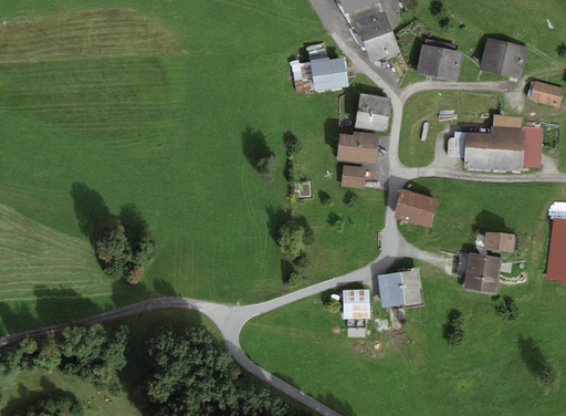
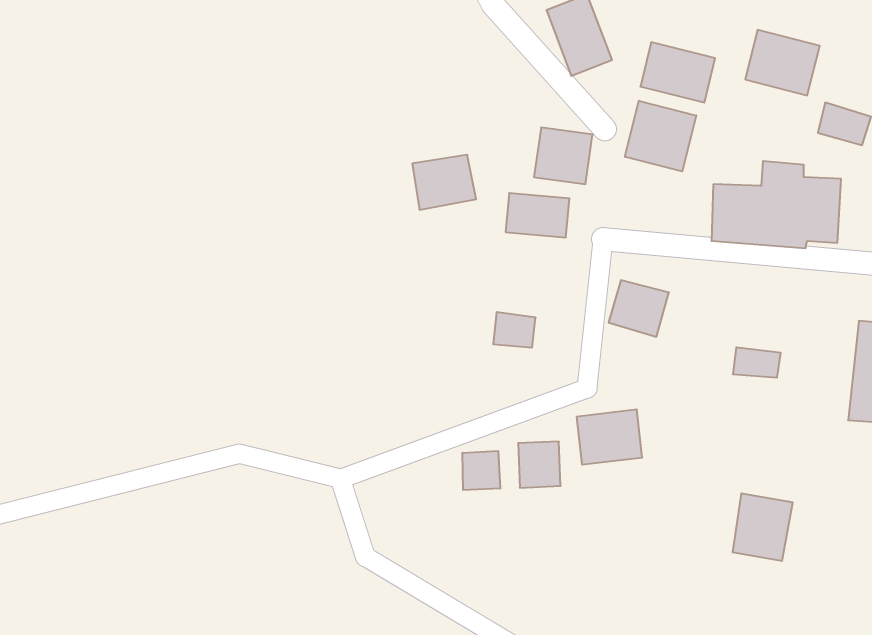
building: [306,59,346,93] -> [412,155,476,210]
building: none -> [625,101,696,171]
building: [343,165,369,187] -> [493,312,536,348]
building: [459,253,496,295] -> [732,493,793,561]
building: none -> [462,451,500,490]

